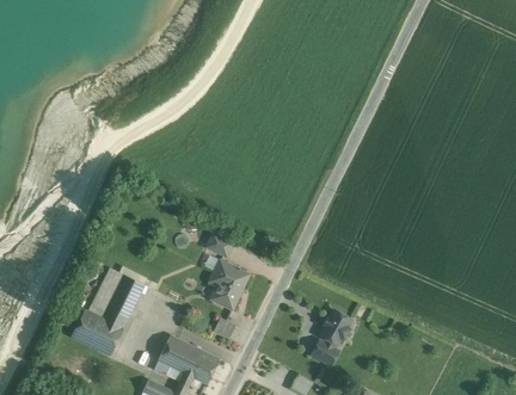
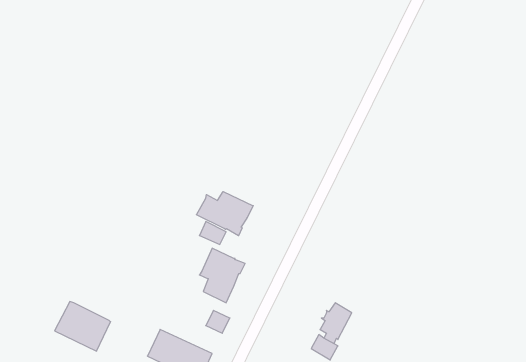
building: none -> [196,192,253,236]
building: [88,267,143,327] -> none

